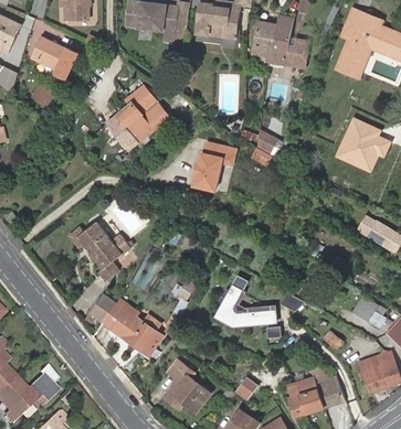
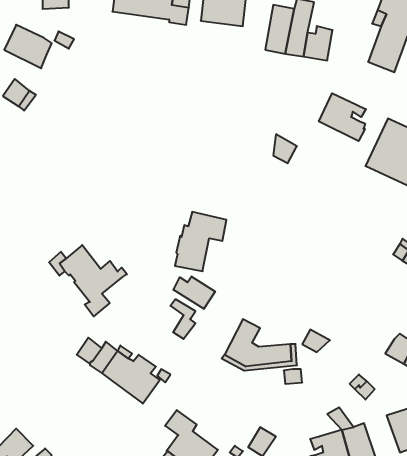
building: [104,86,170,150] -> none
building: none -> [319,93,366,141]
building: [191,141,234,191] -> [175,212,226,271]
building: none -> [173,276,215,309]

